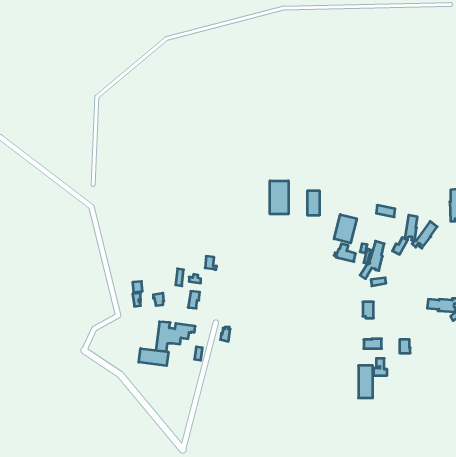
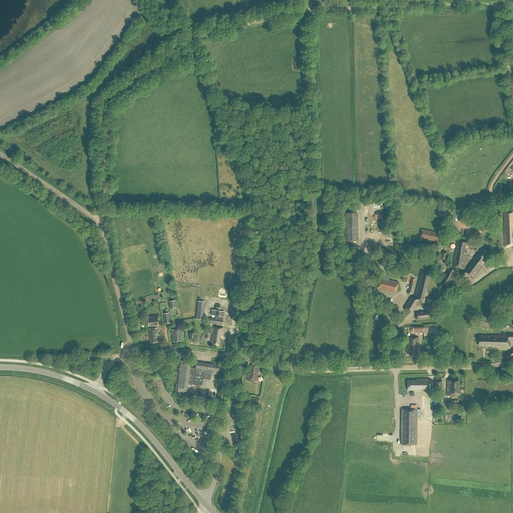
building: [270,181,288,214] -> none
building: [334,214,357,243] -> none
building: [139,348,168,366] -> none

